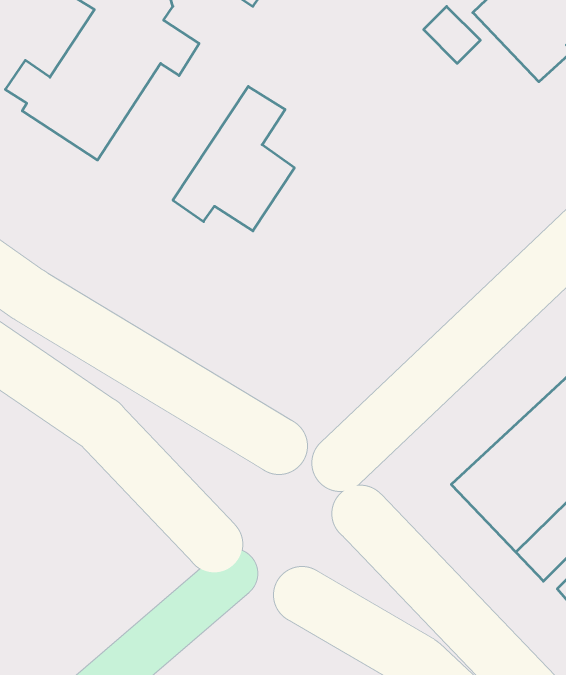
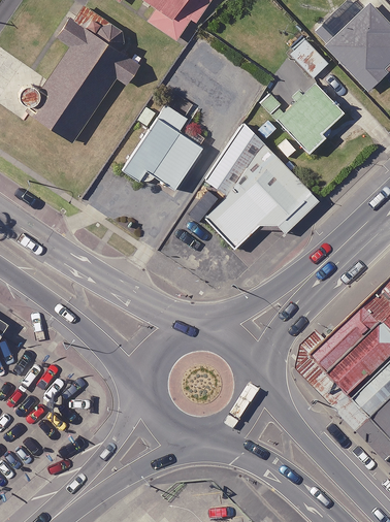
building: none -> [259,68,344,153]
building: none -> [188,119,319,249]

